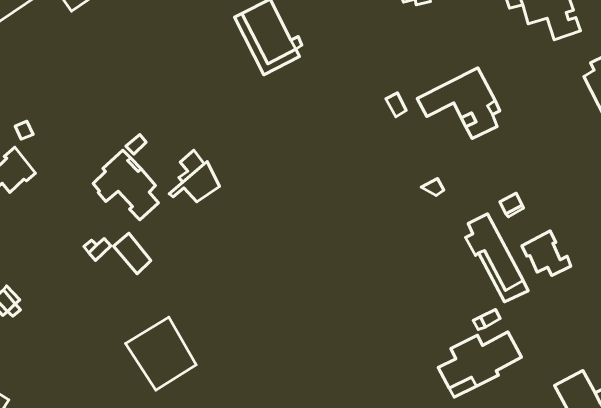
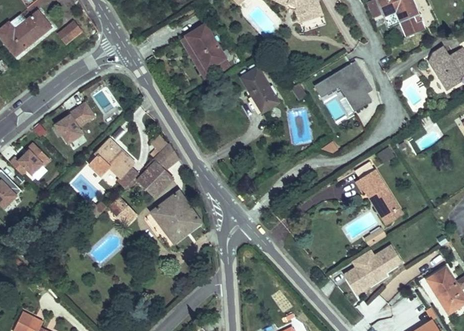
building: none -> [240,68,278,113]
building: none -> [55,103,93,143]
building: none -> [136,162,172,198]
building: [522,231,571,276] -> none
building: [125,317,196,390] -> [150,191,201,243]

